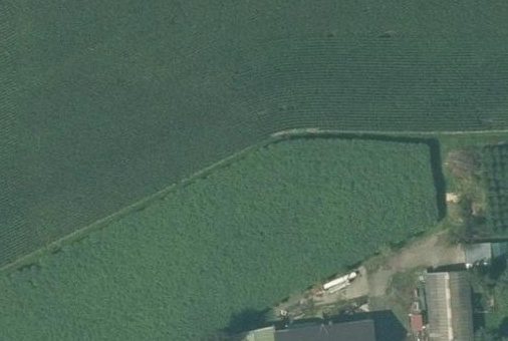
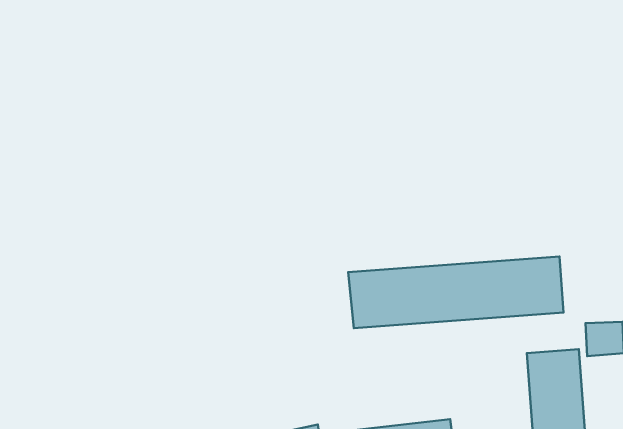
building: none -> [348,257,563,328]

